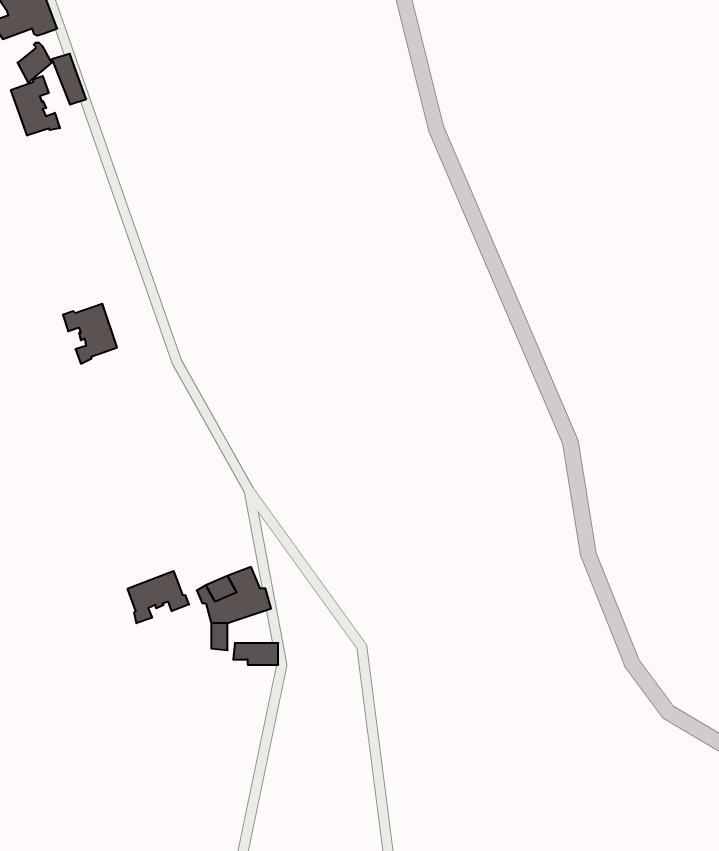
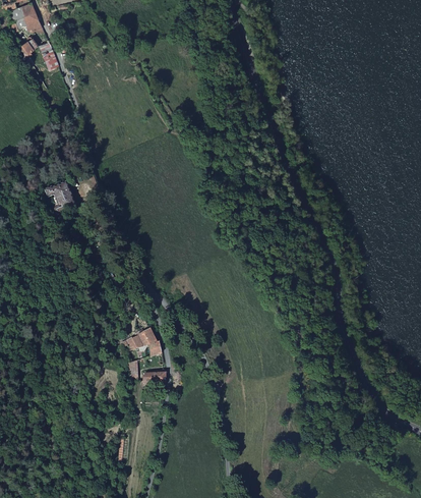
building: [11,76,60,136] -> none
building: [128,571,189,623] -> none

